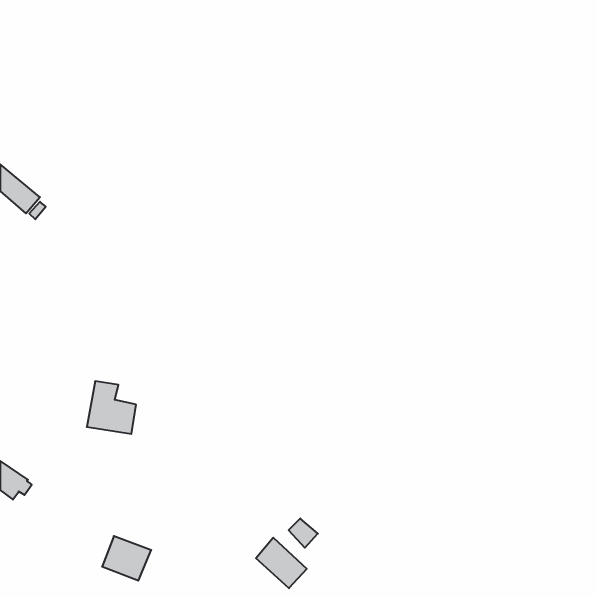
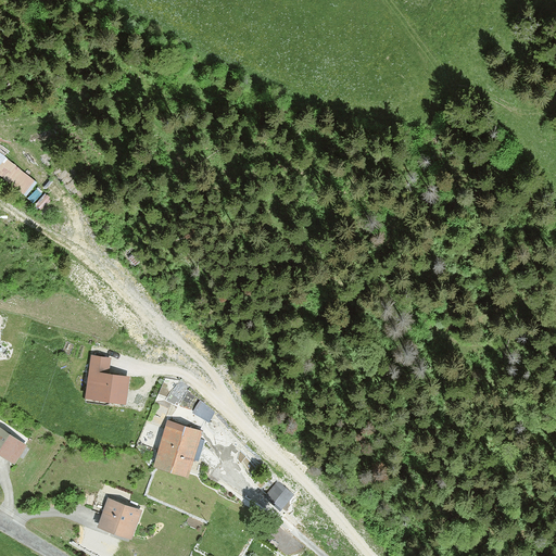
building: none -> [152,420,202,478]
building: [256,538,307,588] -> none

